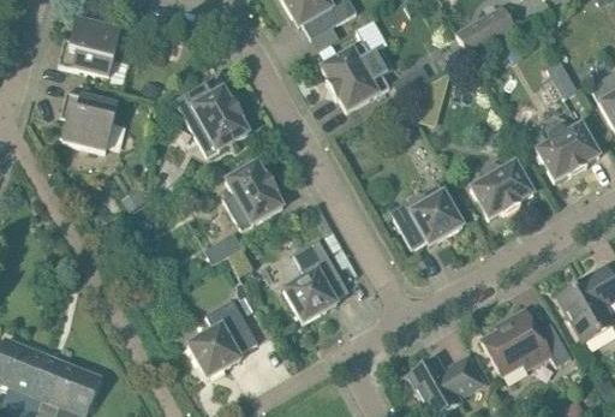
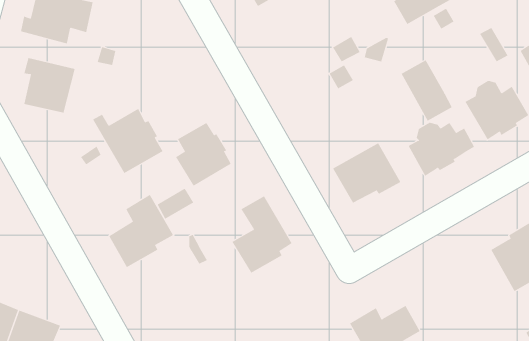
building: [321,41,393,109] -> none
building: [174,85,250,155] -> [92,108,163,174]
building: none -> [401,59,453,121]
building: [189,298,258,376] -> [108,194,174,268]
building: [482,306,572,374] -> none

